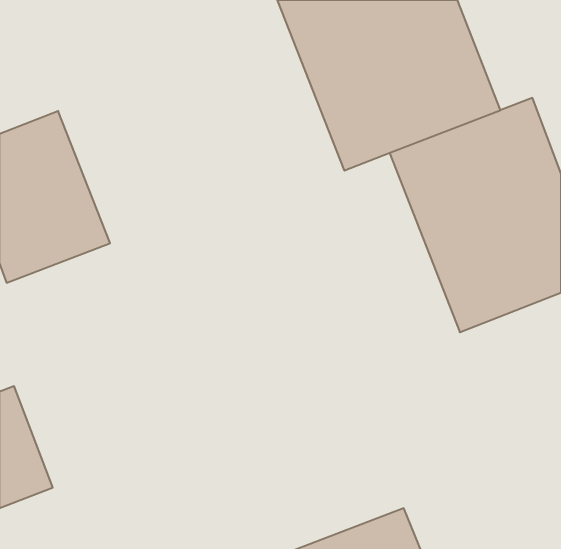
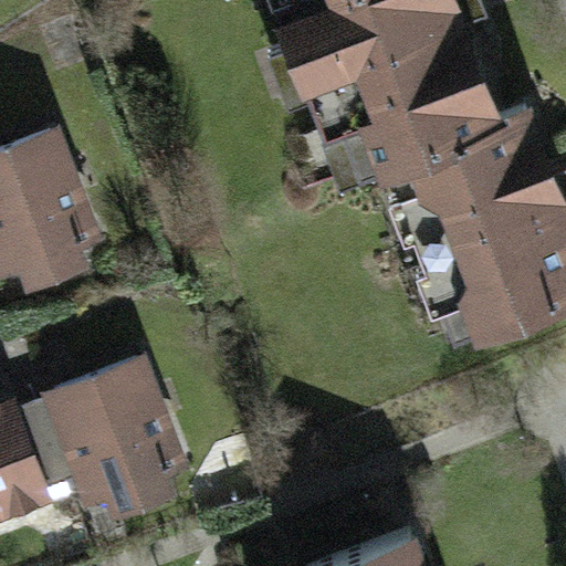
building: none -> [40,355,193,521]

